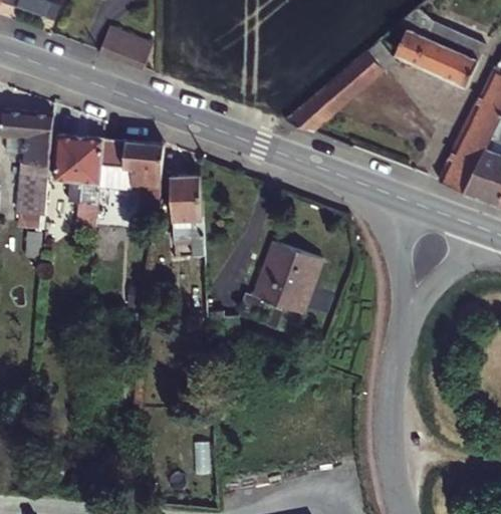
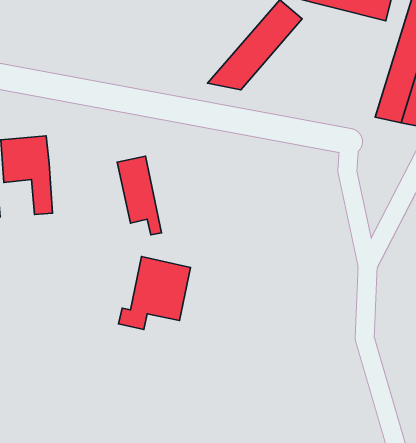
building: [100,27,146,68] -> none
building: [102,144,164,223] -> none
building: [241,245,322,318] -> [119,257,191,330]

